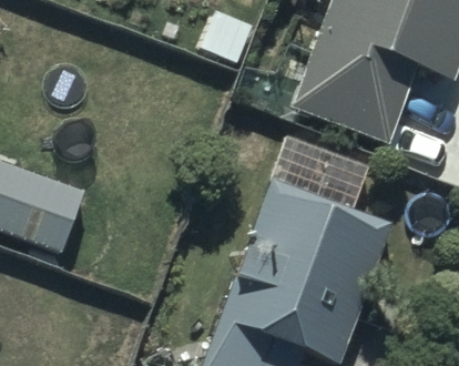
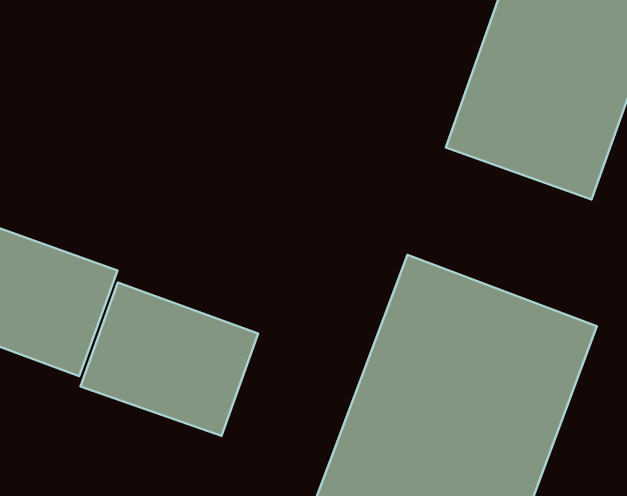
building: none -> [80,283,258,436]

